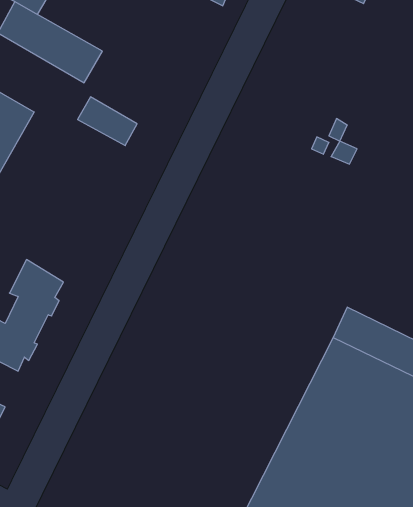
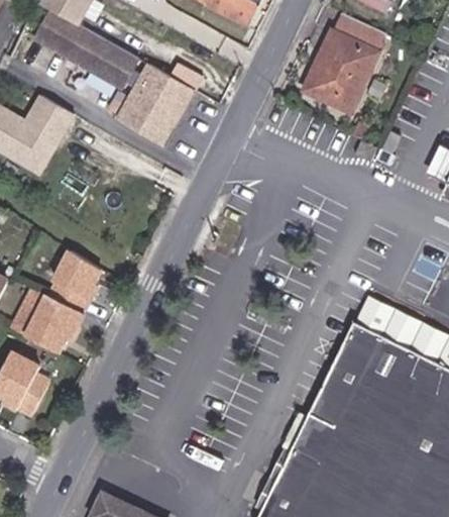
building: none -> [303,14,384,113]
building: none -> [128,65,192,125]

